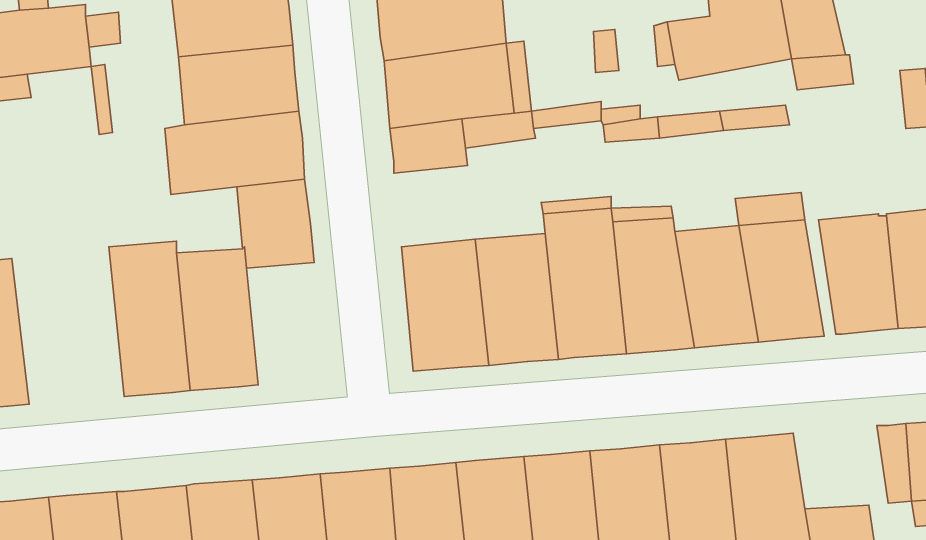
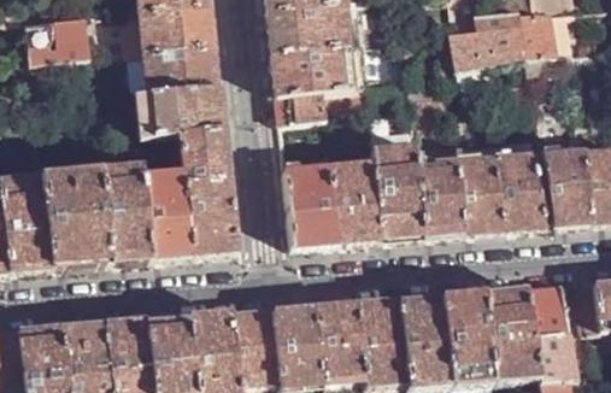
building: none -> [41,170,111,268]
building: none -> [187,180,236,256]
building: none -> [527,282,574,333]

